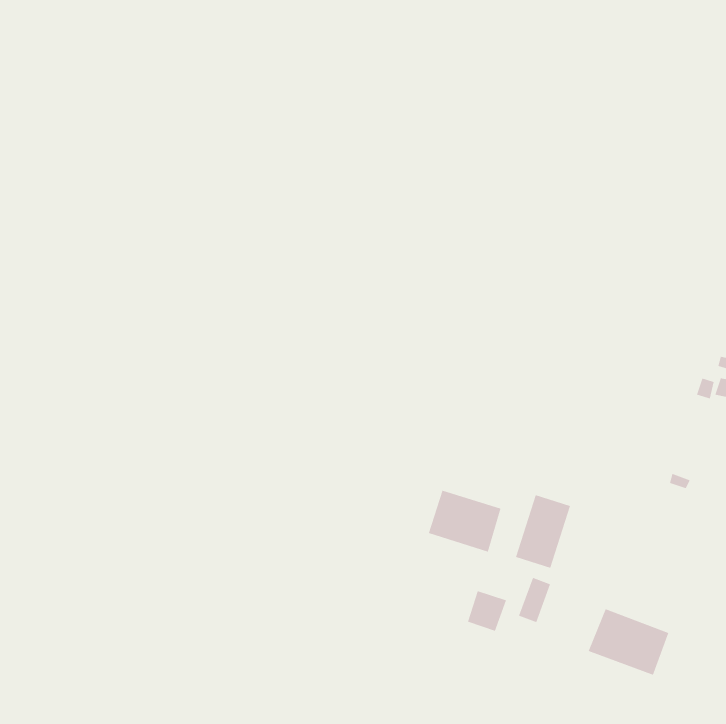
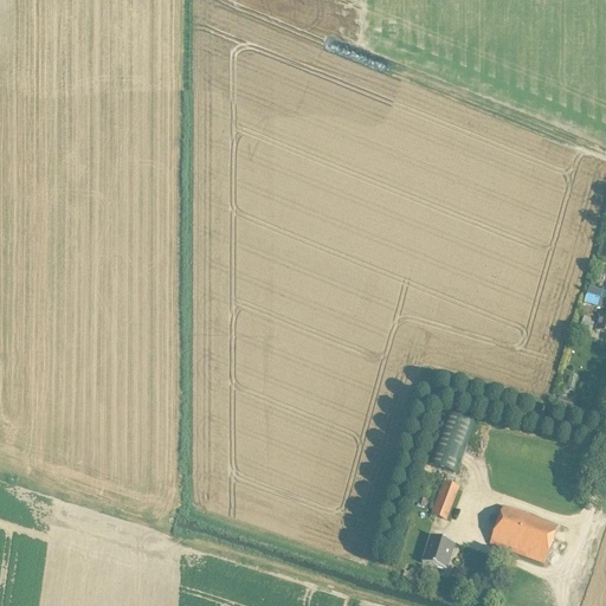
building: [428,490,501,553] -> none
building: [467,590,507,632] -> [423,534,456,568]

